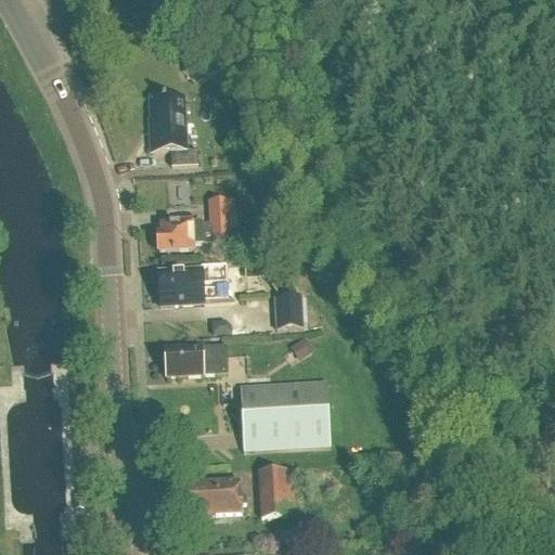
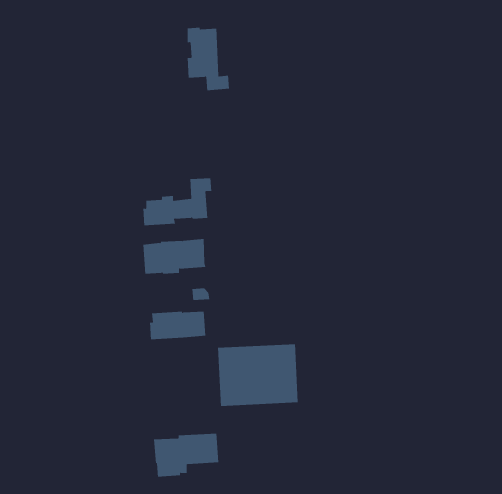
building: [150,93,197,164] -> [187,27,230,91]
building: [273,294,302,327] -> none
building: [258,466,294,516] -> none

